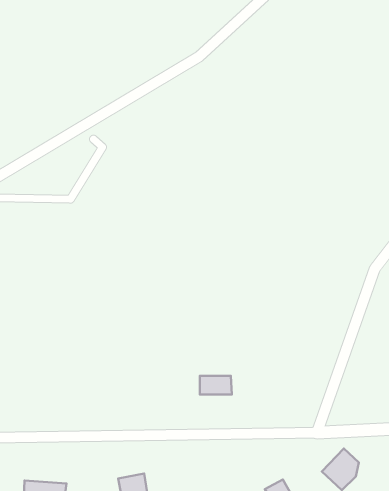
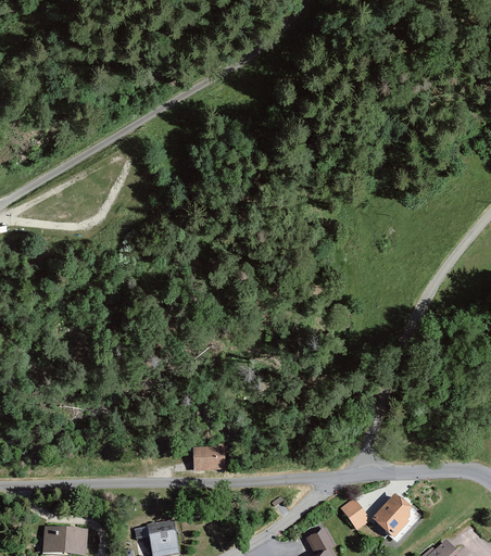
building: [200,376,232,395] -> [192,448,227,469]
building: none -> [338,500,369,532]

